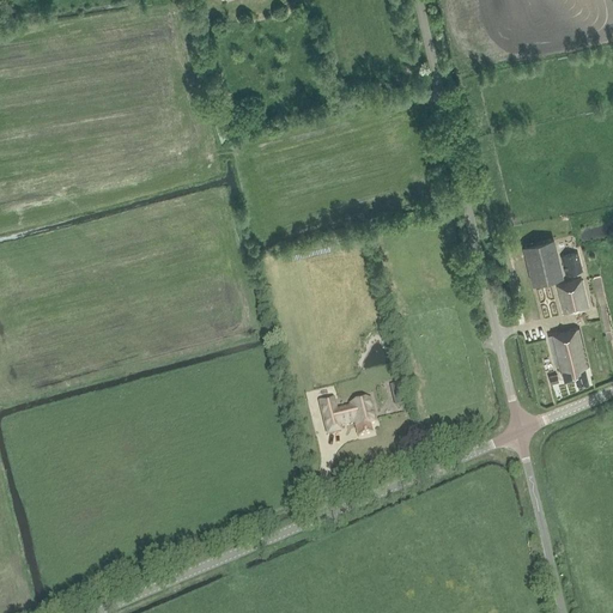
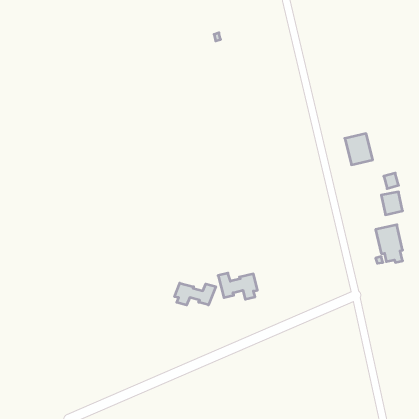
building: [522,239,563,285] -> [345,134,373,165]
building: none -> [175,283,216,305]

